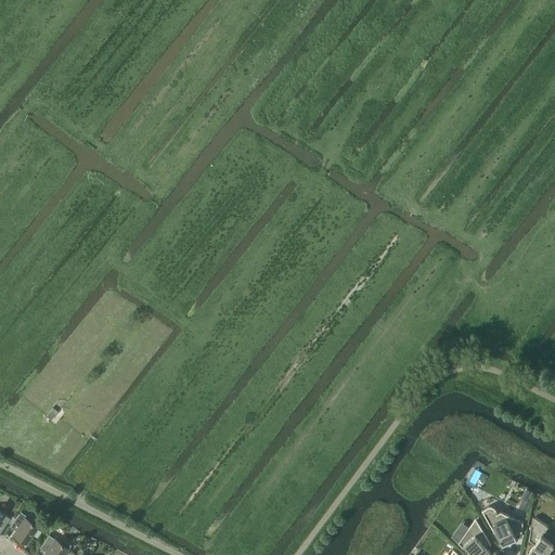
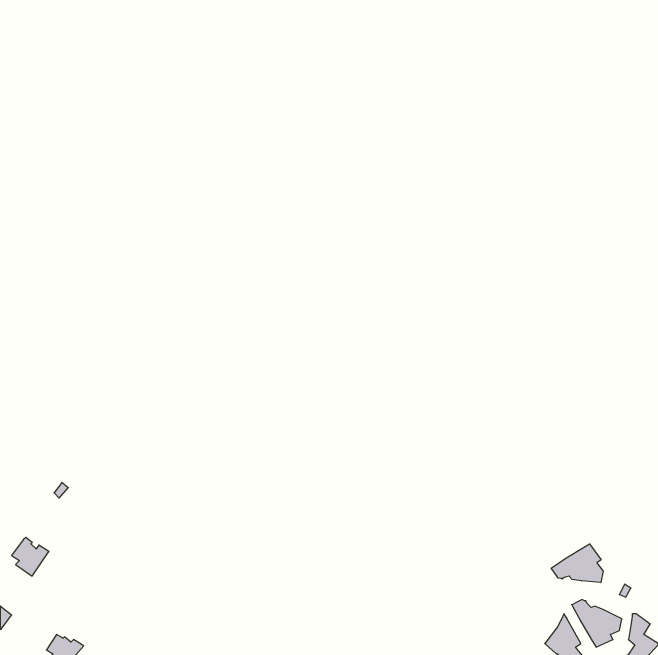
building: none -> [551,544,603,583]
building: [9,513,40,545] -> [12,537,49,576]

